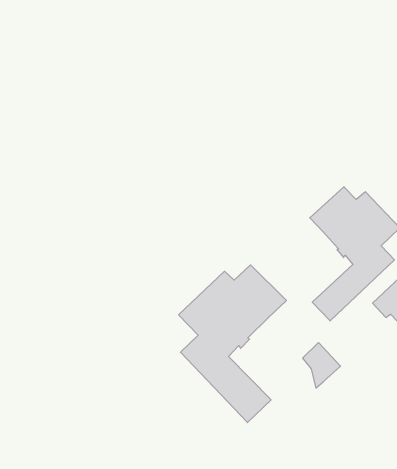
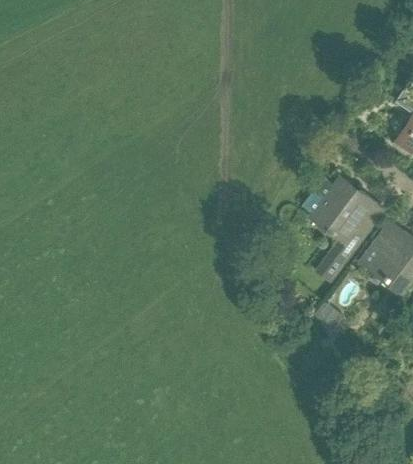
building: [179,265,286,423] -> none

